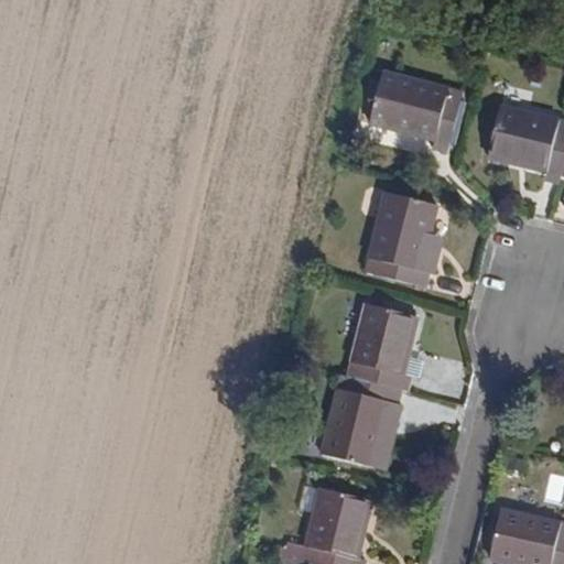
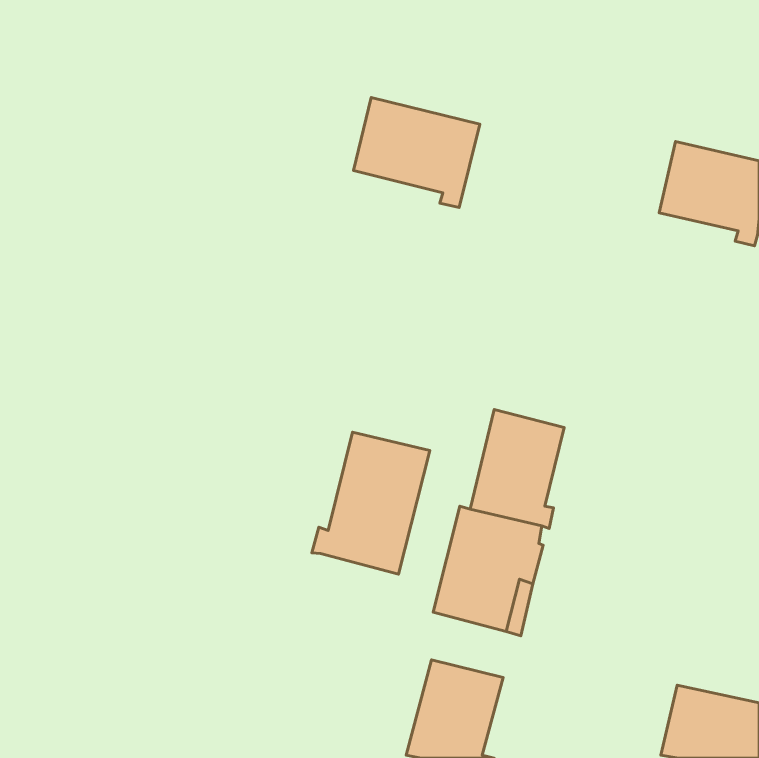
building: [369,70,463,152] -> [353,97,480,208]
building: [365,192,437,286] -> none
building: none -> [312,432,430,574]

